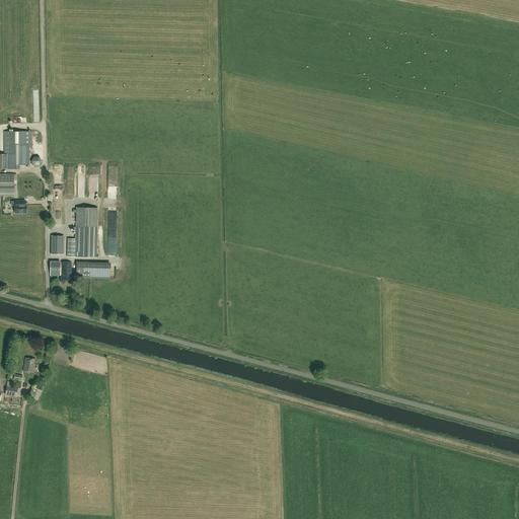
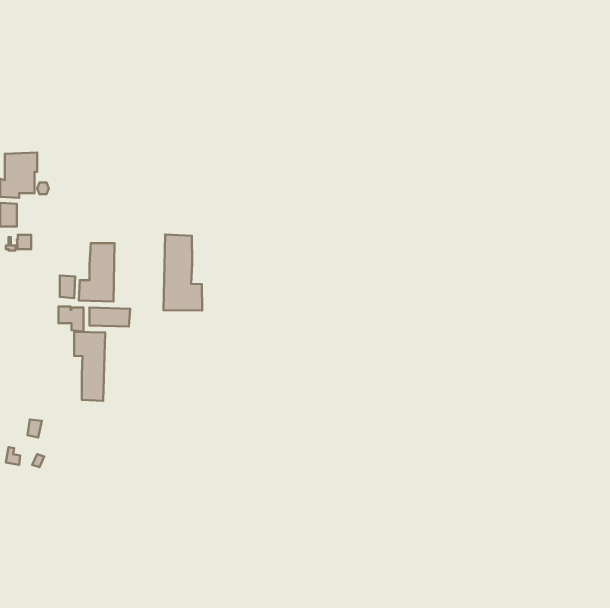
building: none -> [164,235,202,310]
building: none -> [74,332,105,401]

